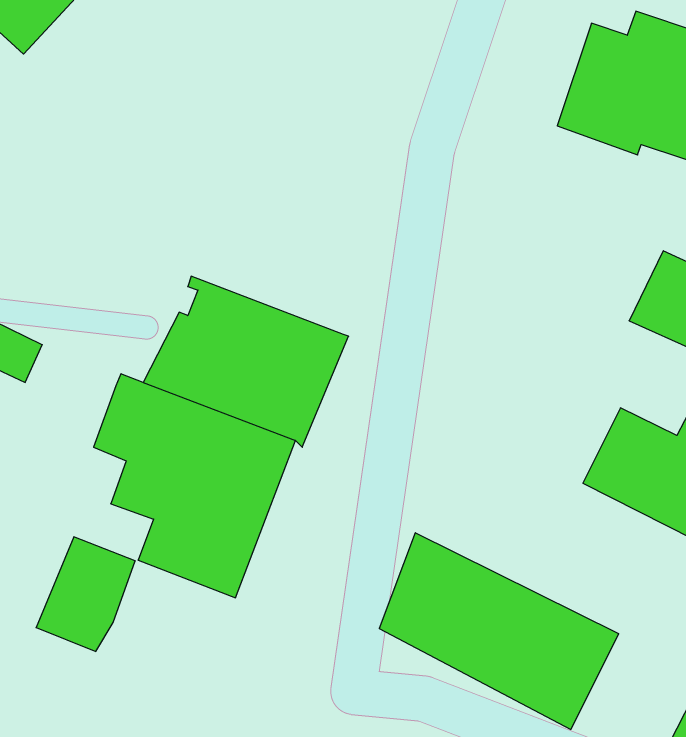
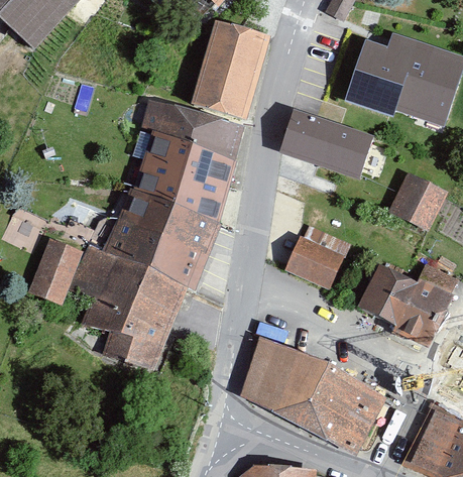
building: none -> [190,32,276,117]
building: none -> [129,97,244,220]
building: none -> [279,107,374,176]
building: none -> [283,234,346,290]
building: [36,537,135,651] -> [26,236,85,304]

